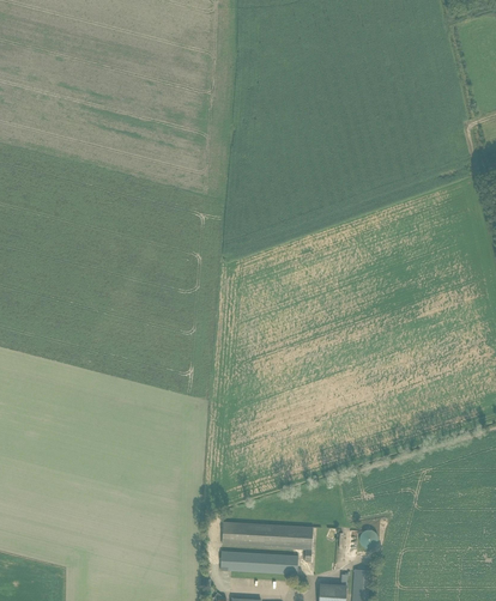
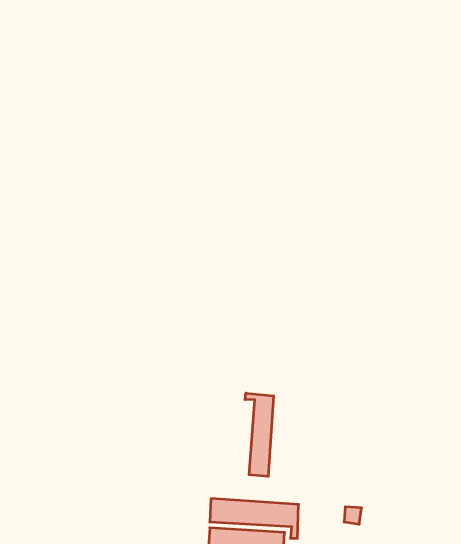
building: none -> [245,393,274,476]

